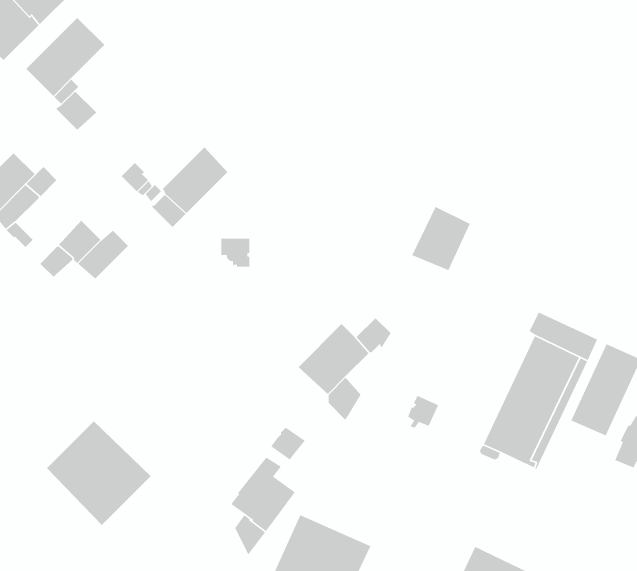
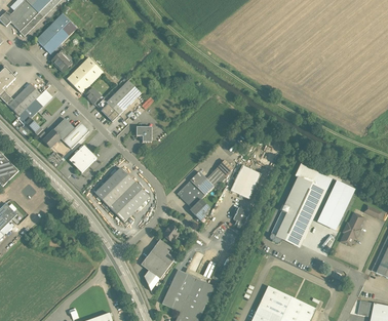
building: none -> [67,57,103,93]
building: [411,206,471,271] -> [230,165,261,199]
building: none -> [69,146,96,173]
building: [46,420,151,526] -> [95,168,150,223]

